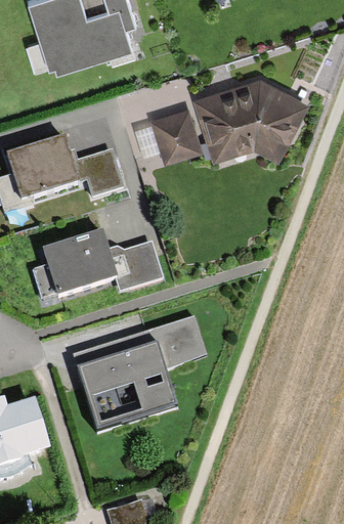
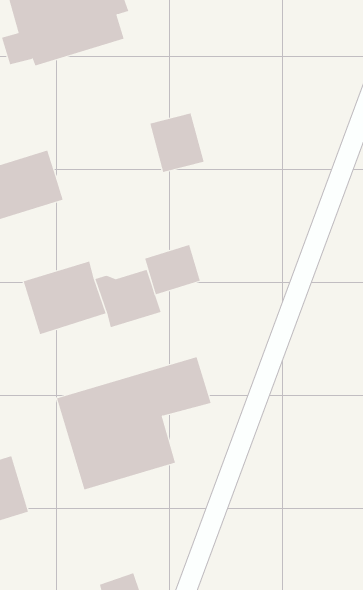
building: [193,78,304,158] -> none
building: [72,149,121,194] -> none
building: none -> [145,244,201,295]

